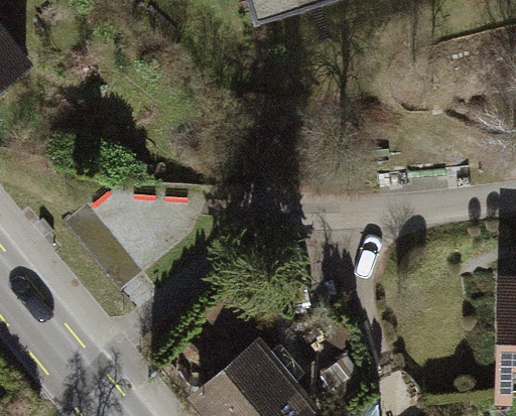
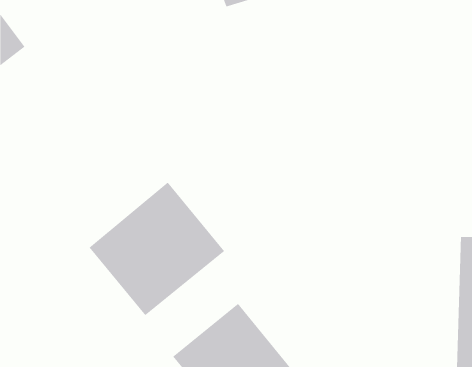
building: none -> [89,182,225,316]

